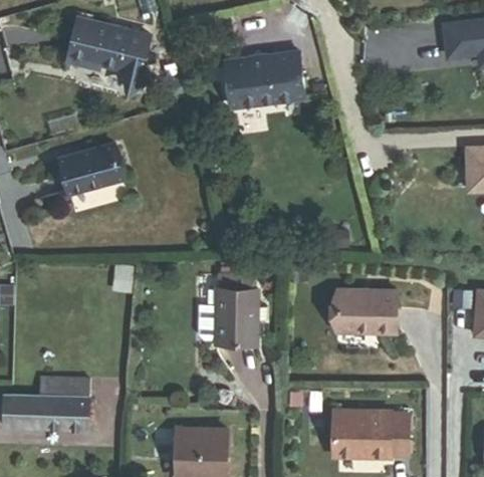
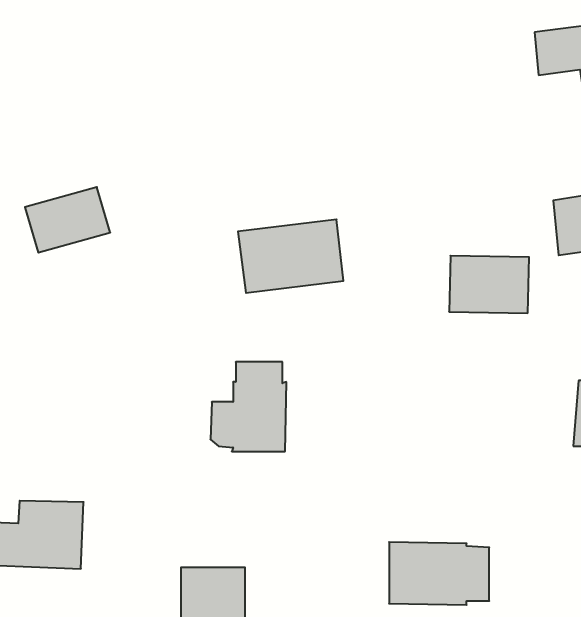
building: [67,14,153,87] -> none
building: [225,52,304,107] -> [238,219,343,293]
building: [337,289,398,332] -> [449,256,529,313]

